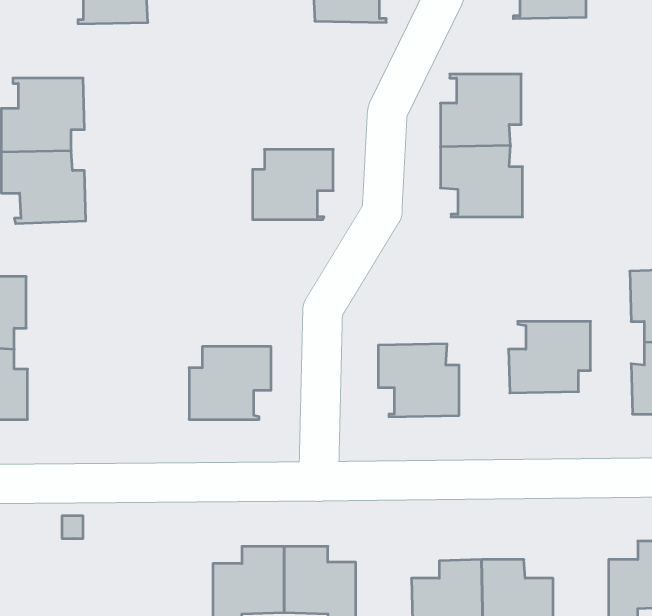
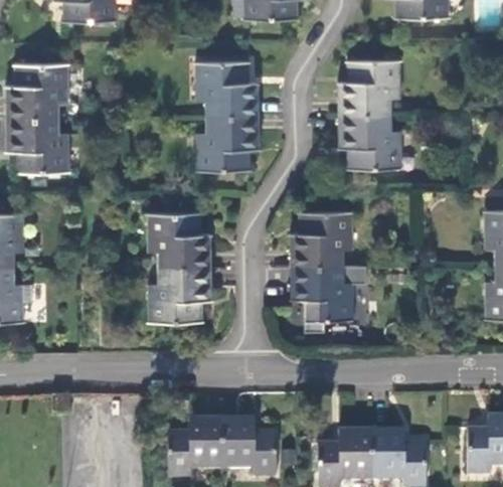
building: none -> [194,61,258,117]
building: none -> [148,212,210,267]
building: [508,321,591,393] -> [291,211,353,266]

